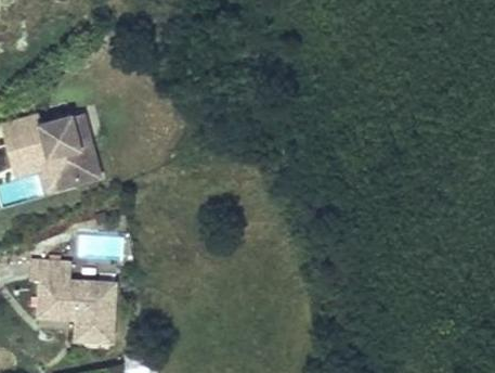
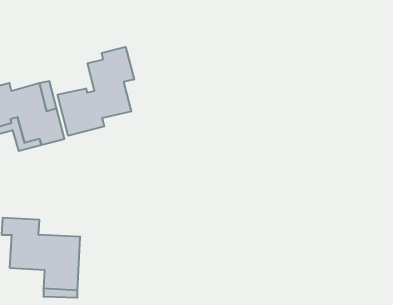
building: none -> [58,47,134,136]

